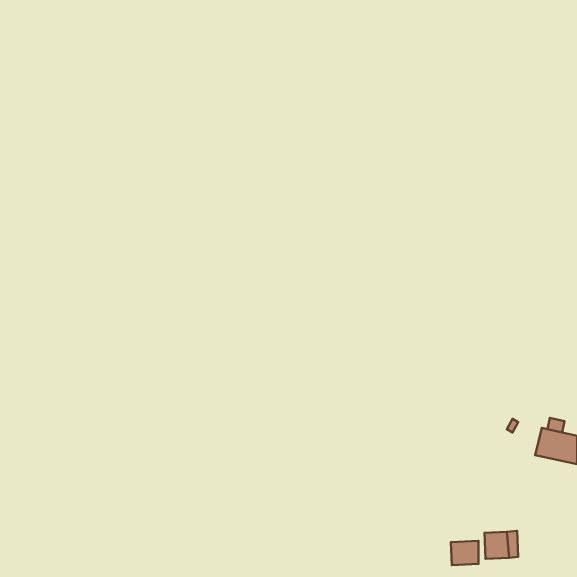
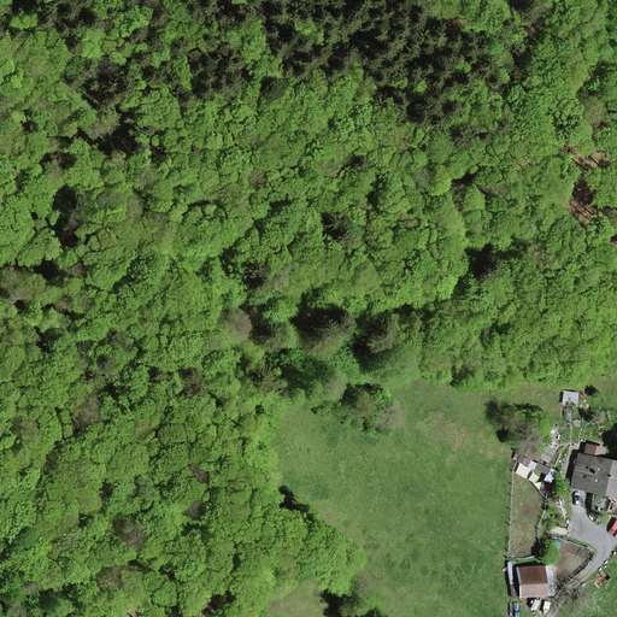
building: [451,541,479,565] -> none

